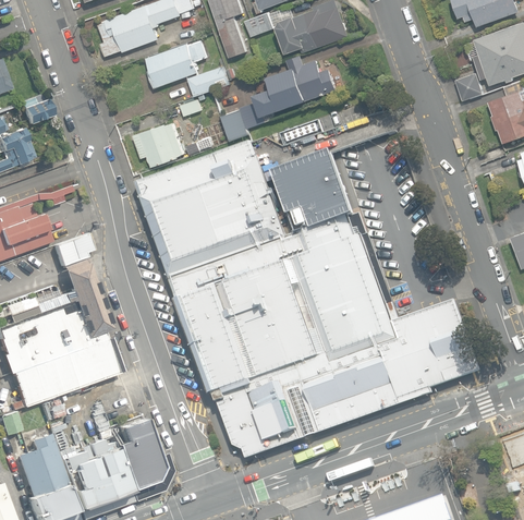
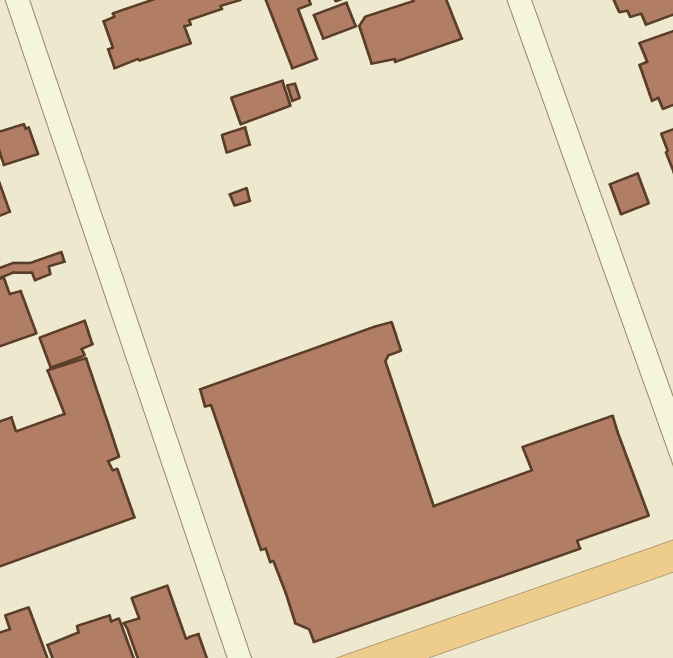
building: [146,40,207,87] -> none
building: [222,55,337,140] -> none
building: [454,73,482,101] -> [610,173,649,214]
building: [133,122,184,167] -> none
building: [134,142,288,280] -> none
building: [272,150,398,363] -> none

